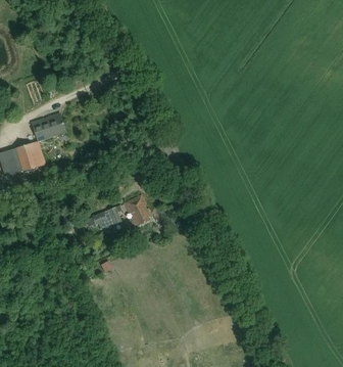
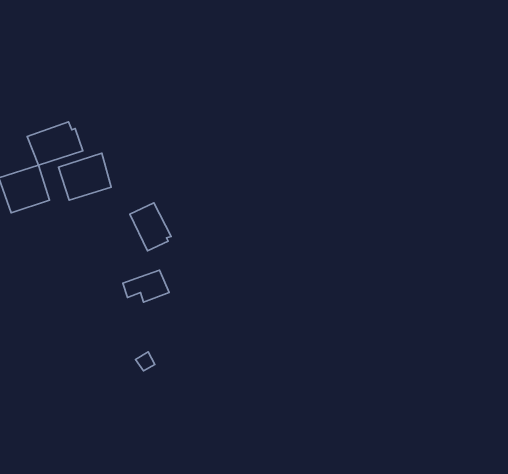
building: none -> [58,153,111,200]
building: [124,195,150,226] -> [130,203,171,251]

